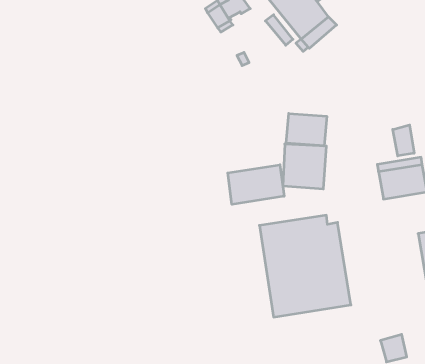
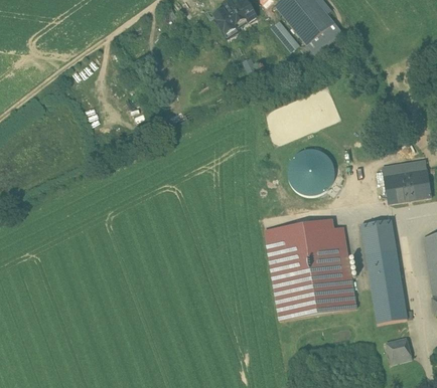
building: [286,113,327,146] -> none
building: [393,125,414,156] -> none
building: [228,165,284,204] -> none
building: none -> [360,217,407,323]

